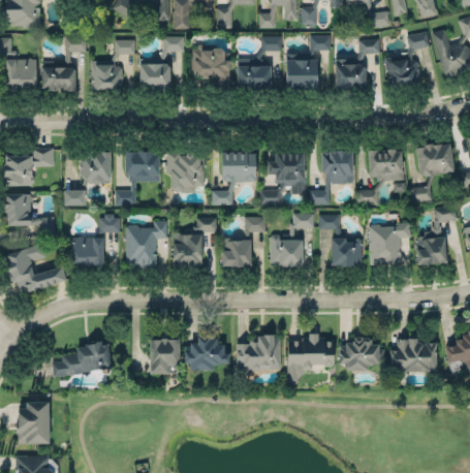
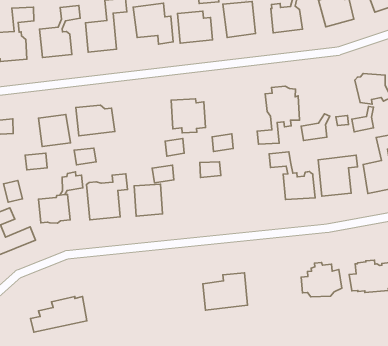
building: [368,146,402,172] -> none
building: [167,148,205,194] -> none
building: [269,154,306,194] -> none
building: [271,214,314,267] -> none
building: [222,240,252,267] -> none
building: [184,326,228,368] -> none
building: [288,330,335,383] -> none
building: [150,340,180,375] -> none

